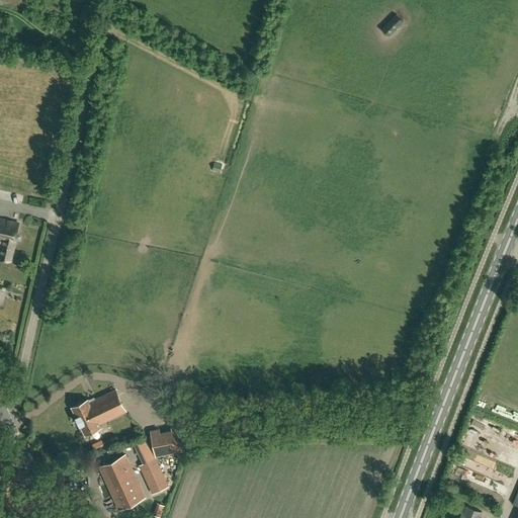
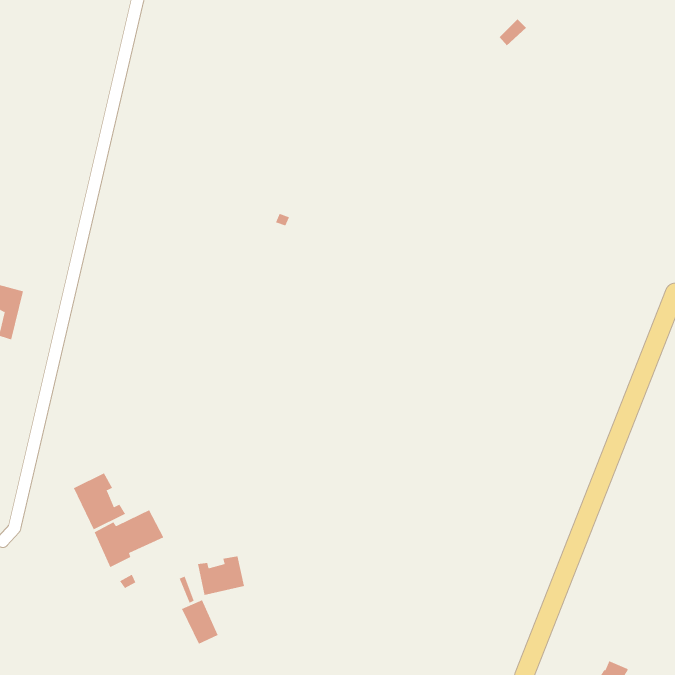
building: none -> [73,473,126,530]
building: [99,455,144,510] -> none

